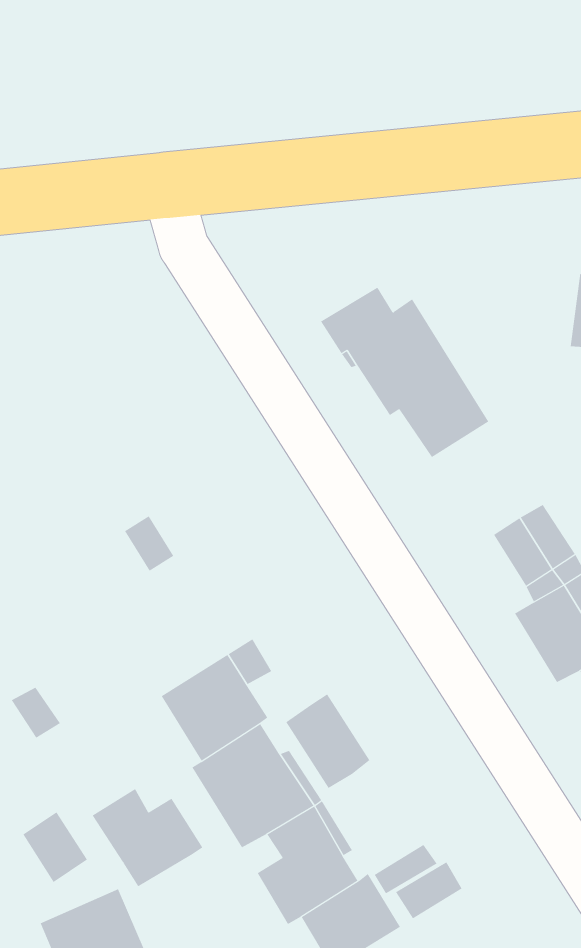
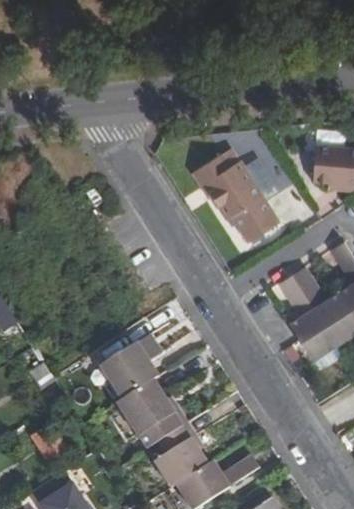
building: [286,693,370,789] -> none
building: [92,788,203,887] -> none

